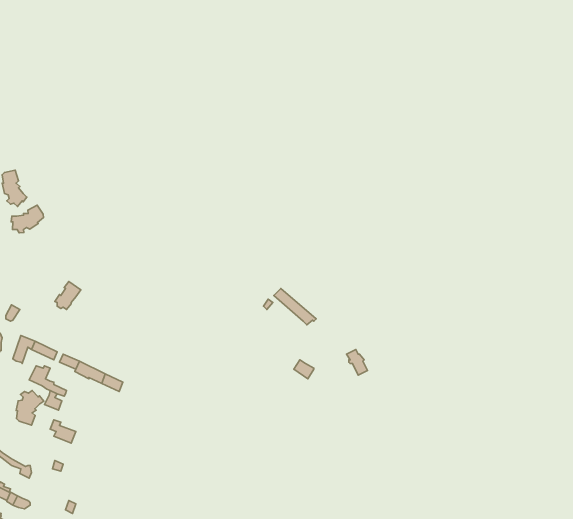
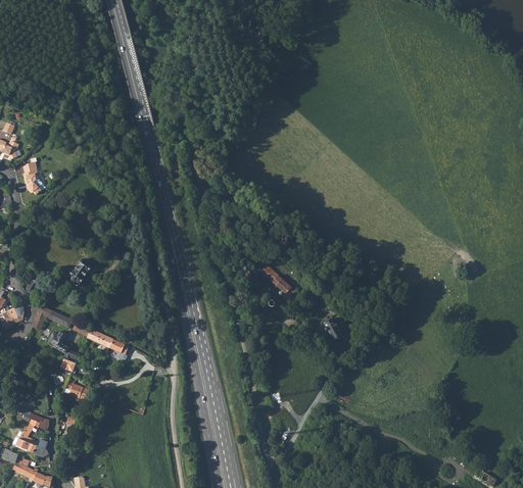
building: [11,205,43,233] -> none
building: [16,390,44,425] -> none

